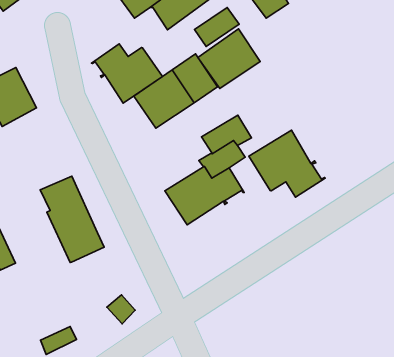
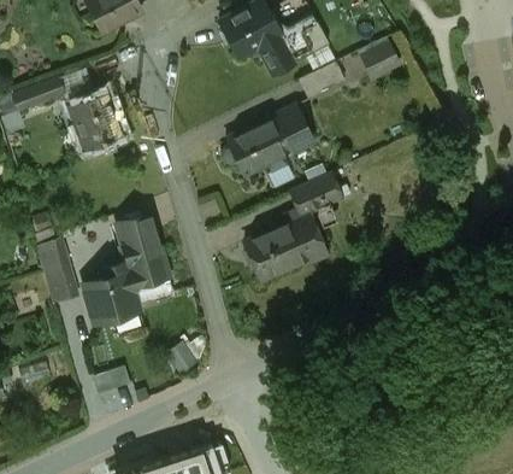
building: [198,29,260,89] -> none
building: [92,44,162,103] -> none
building: [249,130,325,197] -> none
building: none -> [84,262,140,322]

